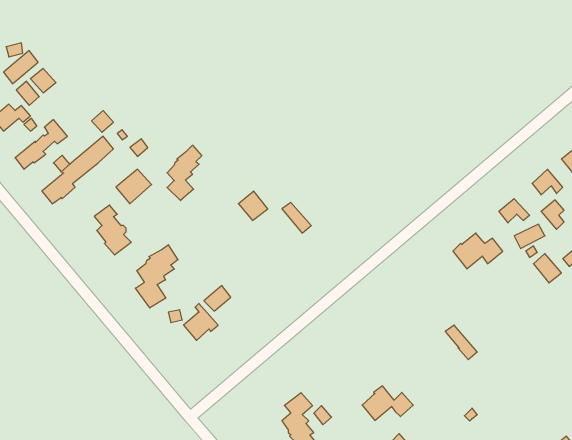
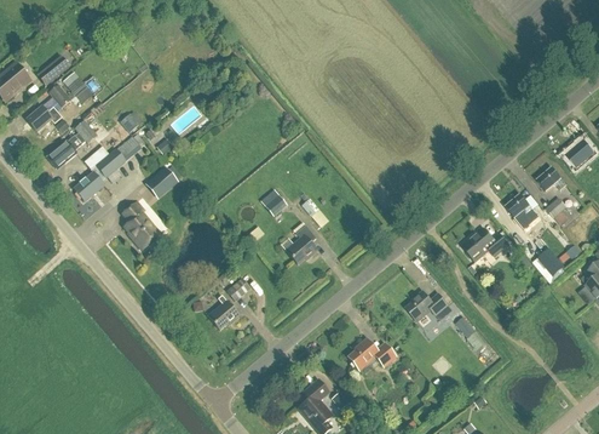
building: [167,145,202,201] -> none
building: none -> [286,224,317,264]
building: [135,245,178,308] -> none
building: none -> [405,291,449,322]
building: [362,386,413,420] -> [347,338,396,371]

